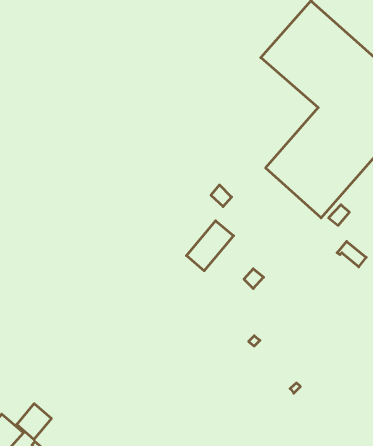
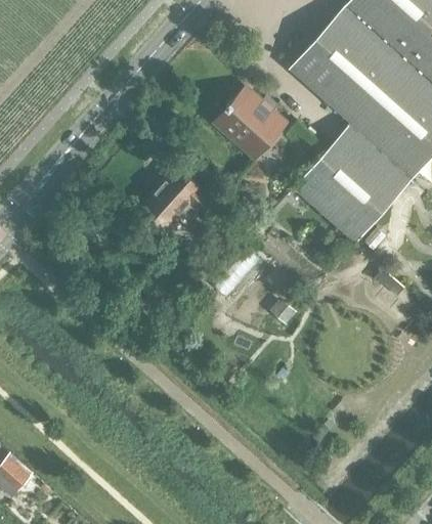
building: none -> [218,91,283,156]
building: none -> [142,168,211,232]
building: [17,404,51,439] -> none

